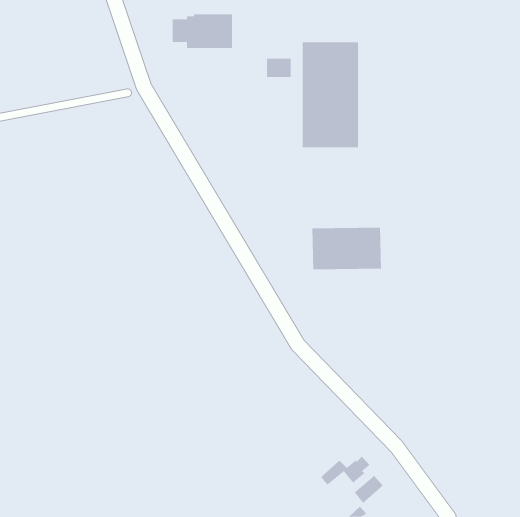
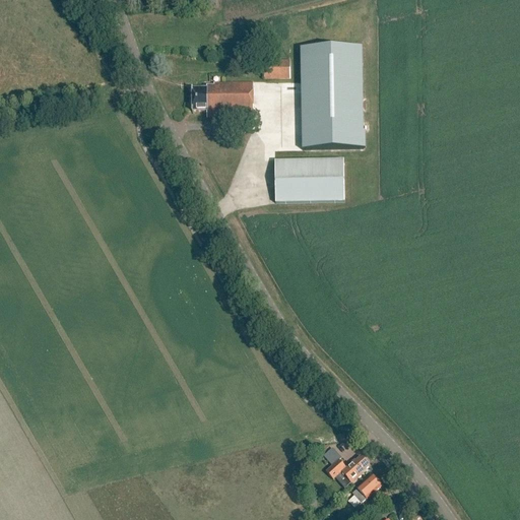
building: [172,14,233,48] -> [193,80,254,115]
building: [311,227,382,270] -> [275,157,345,200]

